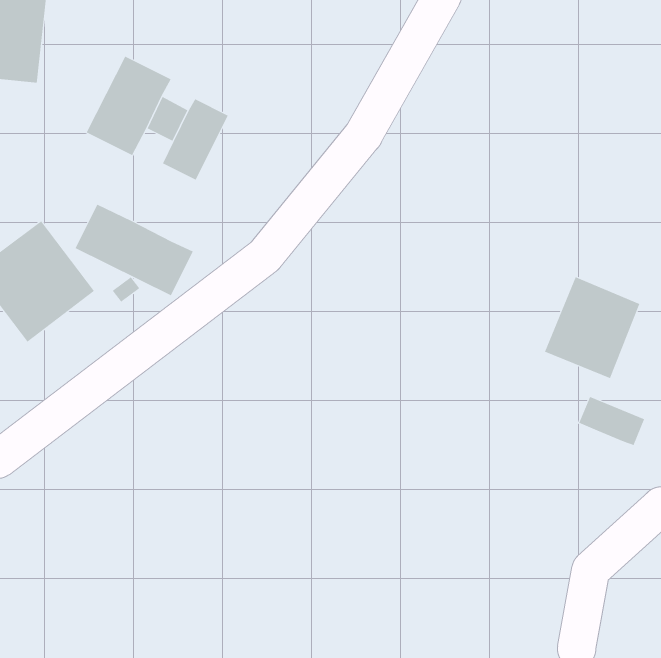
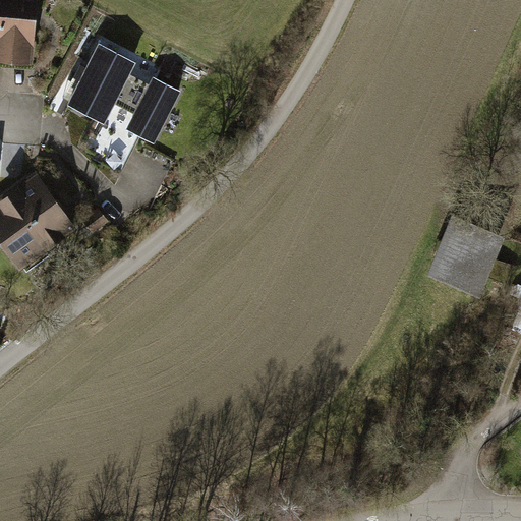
building: [75,204,193,296] -> none
building: [579,396,645,446] -> none

